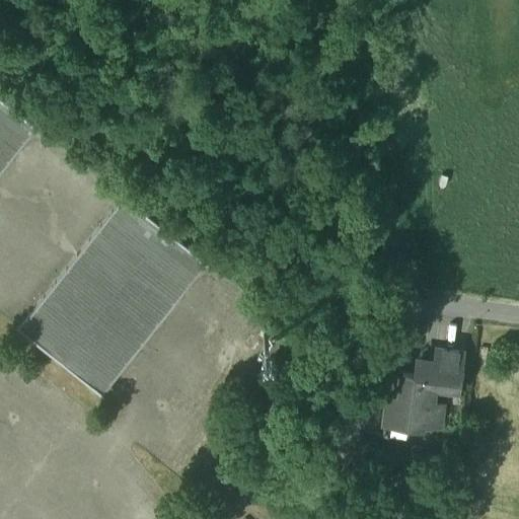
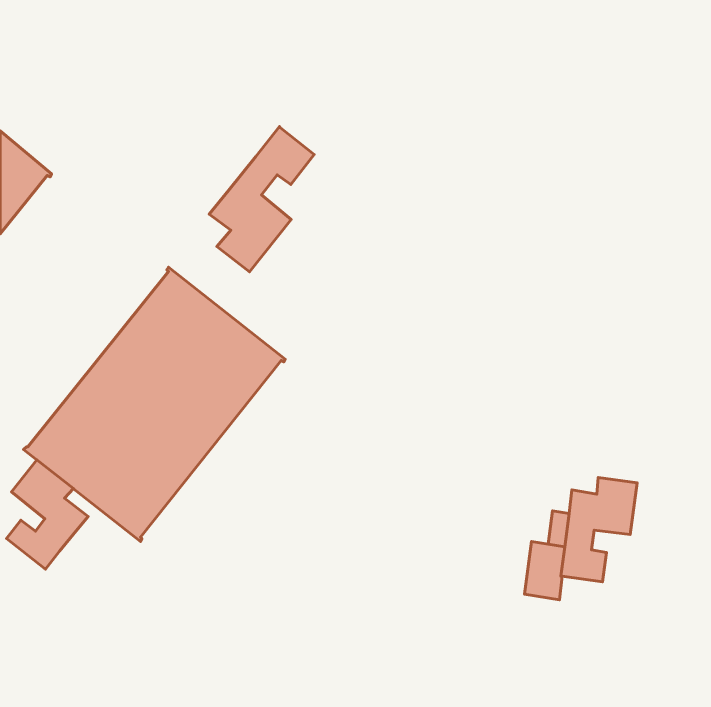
building: none -> [209,127,314,272]
building: none -> [7,460,88,569]

